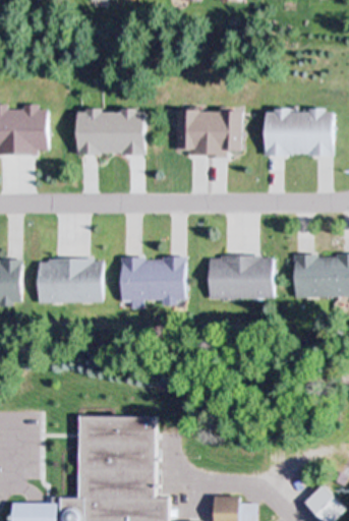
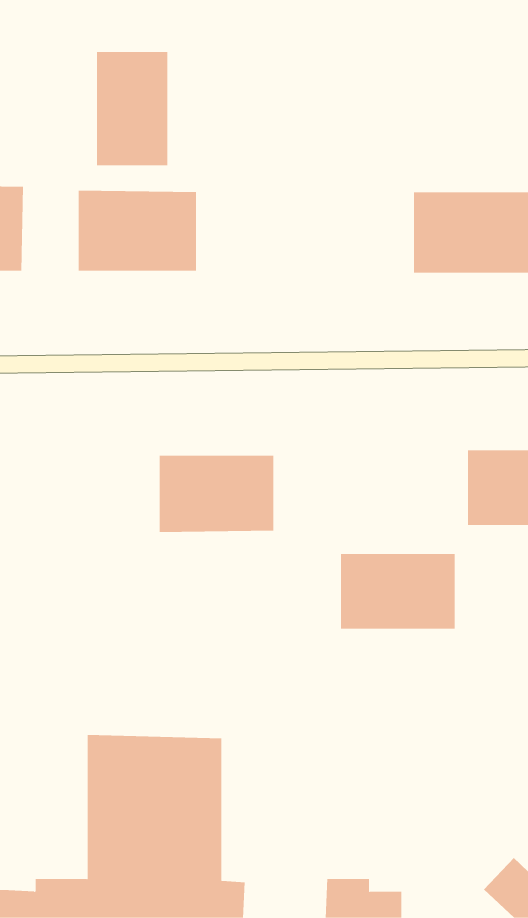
building: none -> [97,51,168,166]
building: [175,110,240,155] -> none
building: [209,257,274,300] -> [340,554,456,629]
building: [38,259,102,304] -> none

